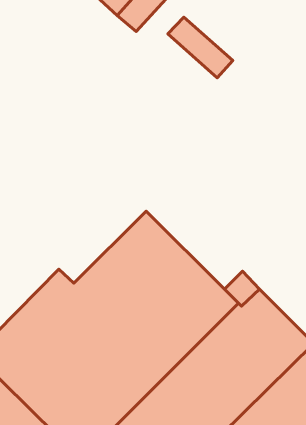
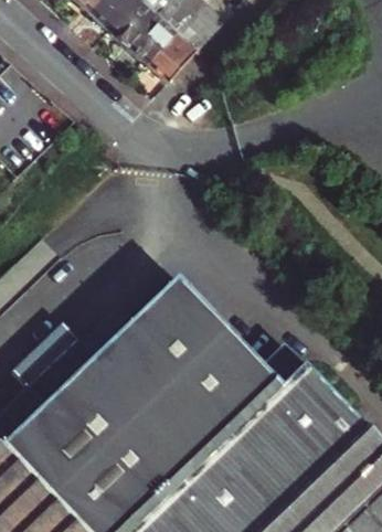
building: [168,17,233,78] -> none

